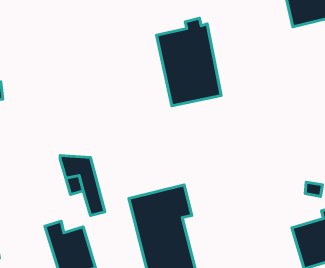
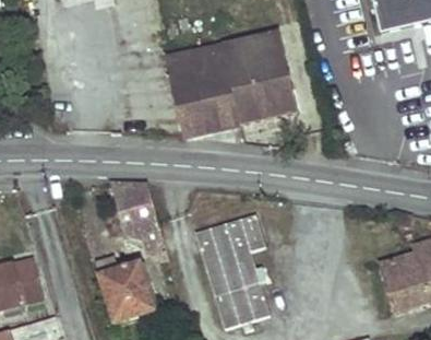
building: none -> [165,39,240,136]

